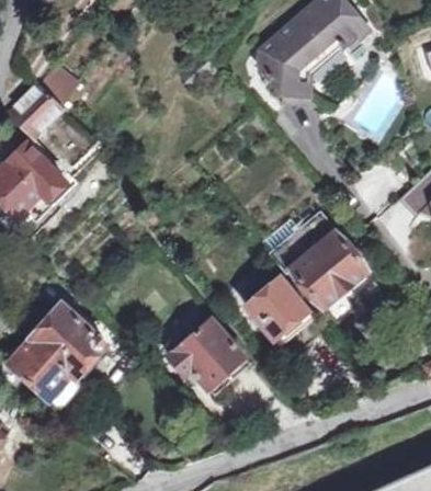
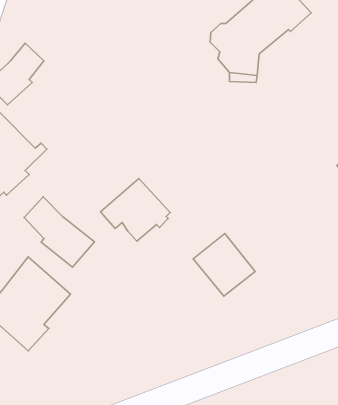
building: [269,212,367,307] -> none
building: none -> [24,197,94,267]
building: [166,317,243,387] -> [100,178,170,241]

